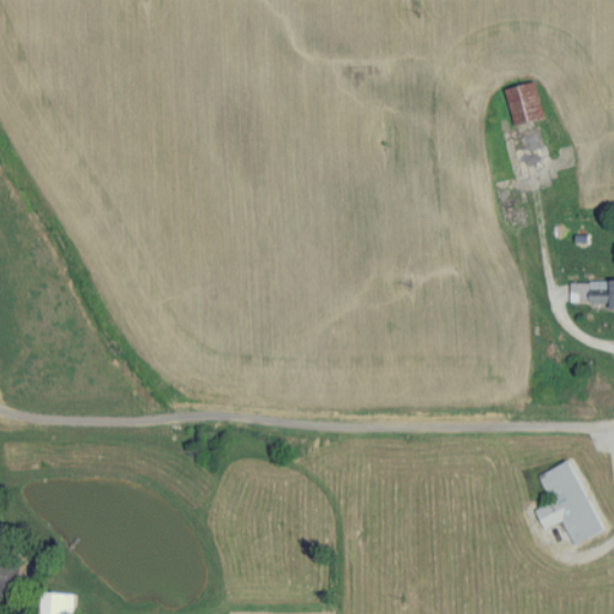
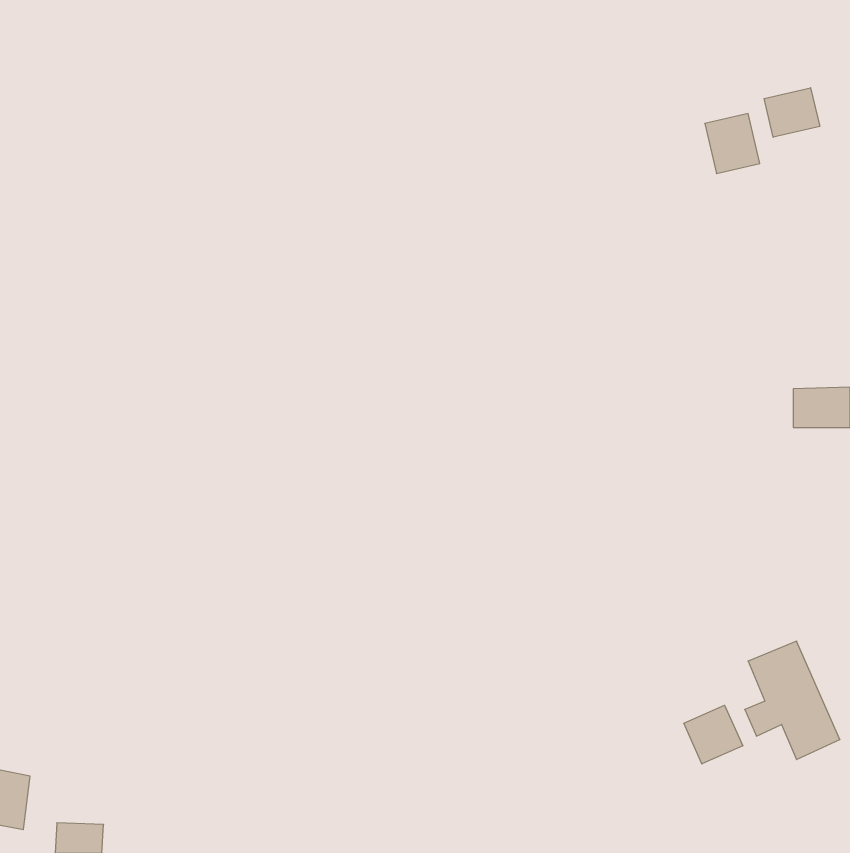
building: none -> [764,88,820,137]
building: none -> [684,705,743,764]

